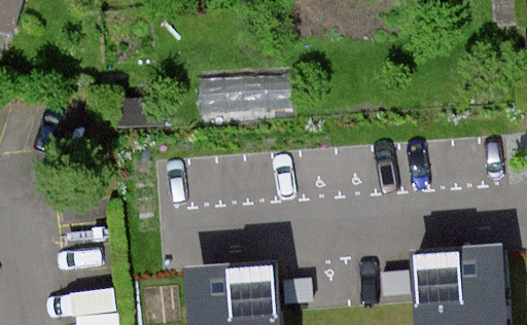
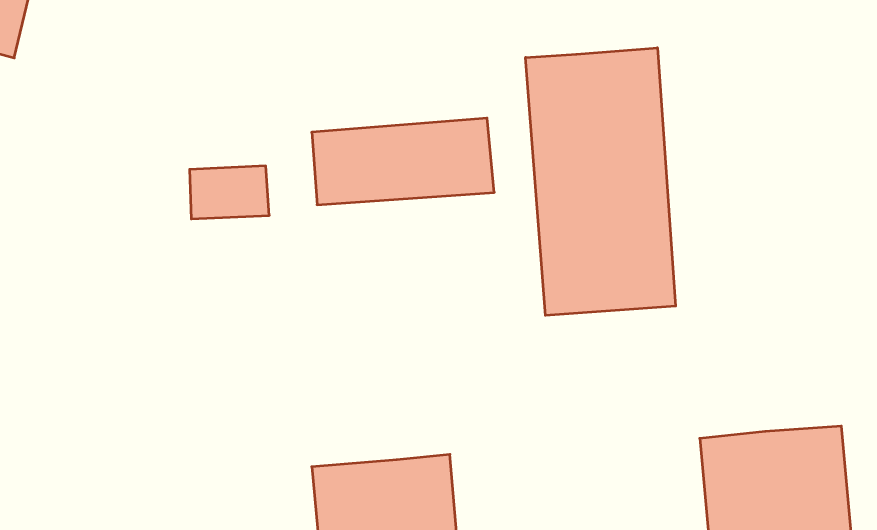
building: none -> [526,48,676,315]

